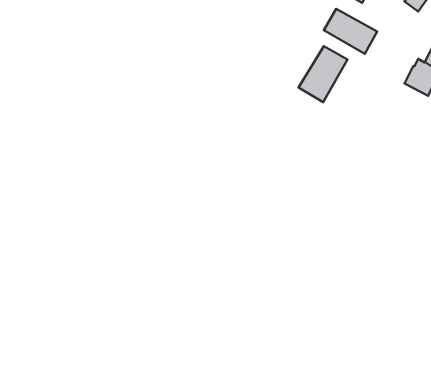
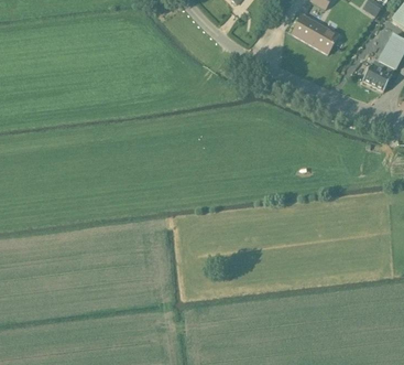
building: [298,46,348,102] -> none

